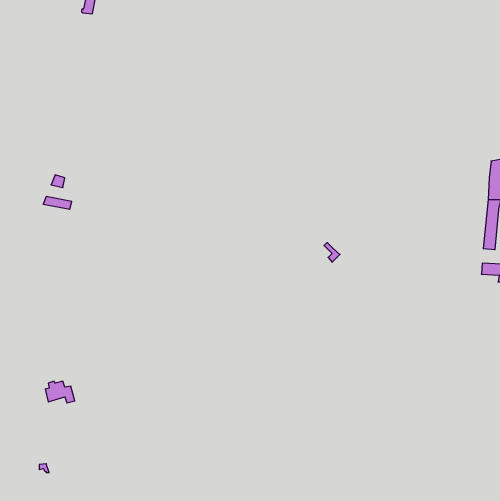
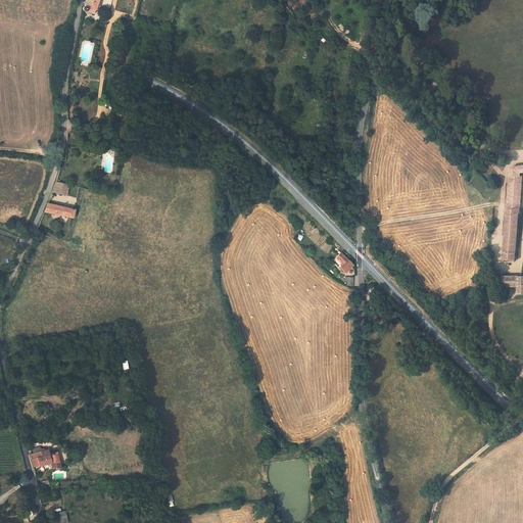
building: [45,381,75,403] -> [31,447,61,470]

